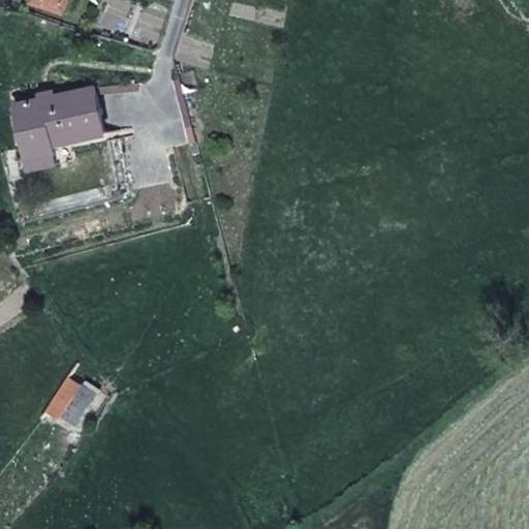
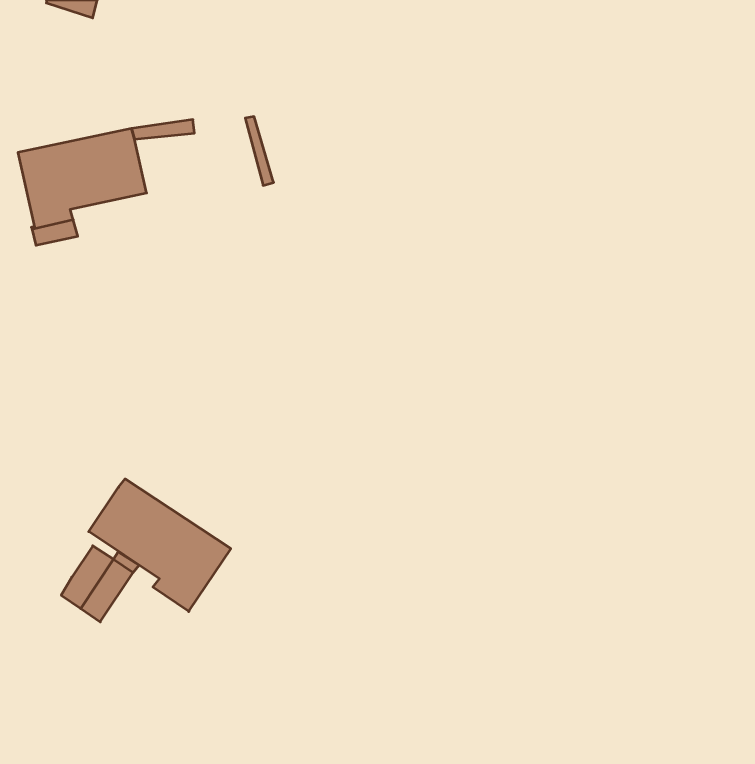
building: none -> [89,479,231,612]

